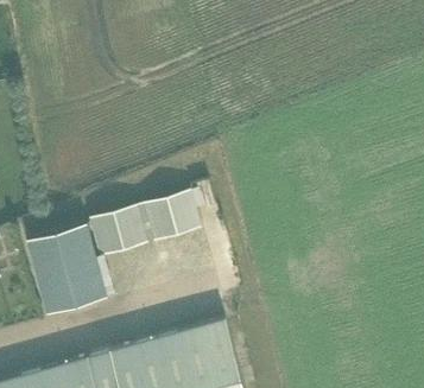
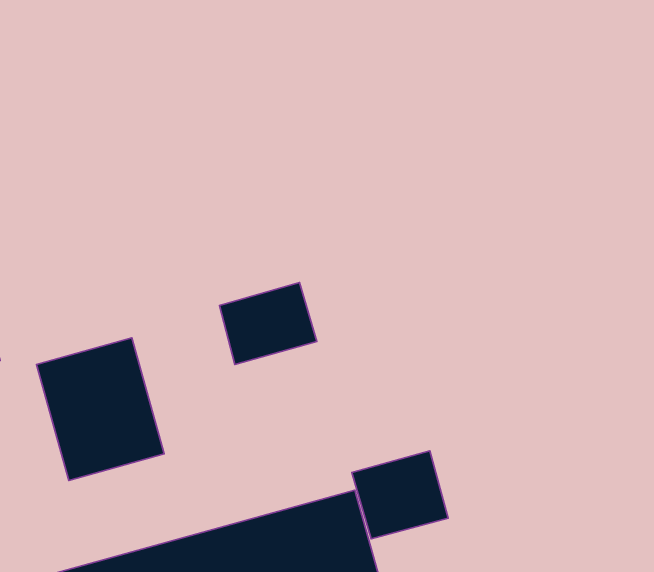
building: [88,204,148,255] -> none
building: none -> [352,451,448,539]

